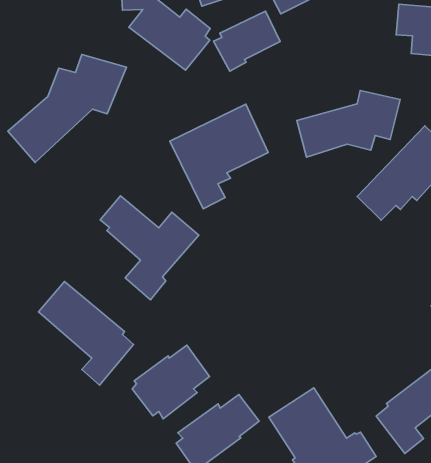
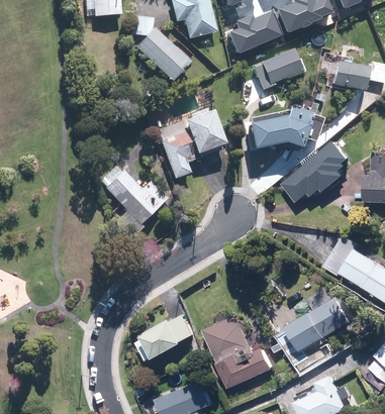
building: [214,11,280,71] -> [252,51,298,91]
building: [8,54,127,163] -> none
building: [38,281,133,385] -> none
building: [132,345,210,419] -> none

